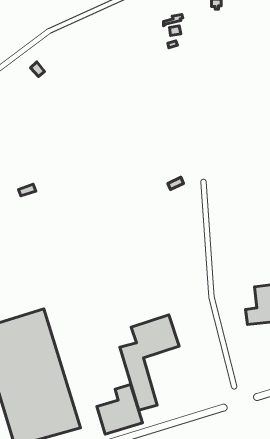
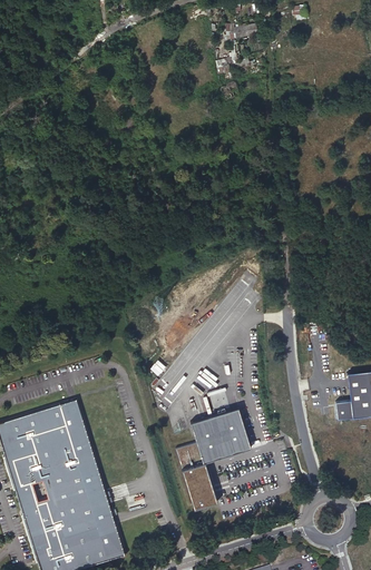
building: [97,385,143,434] -> none

